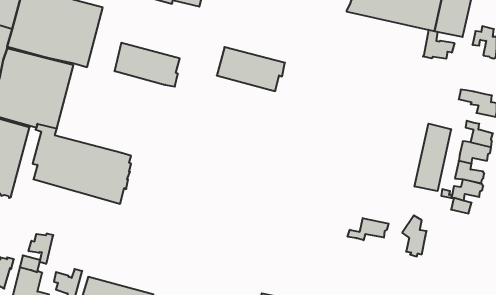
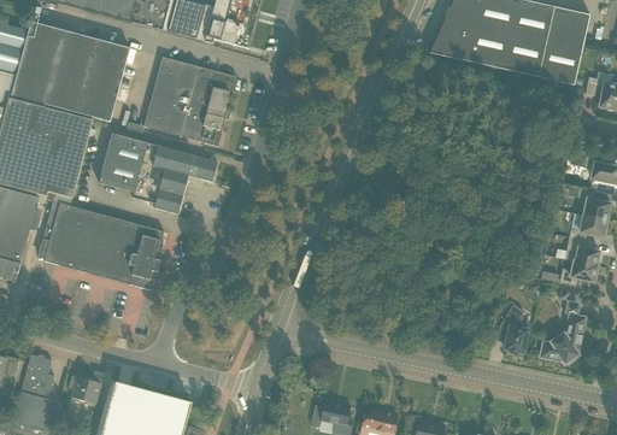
building: [423,30,454,59] -> none
building: [217,47,285,91] -> [151,57,235,111]
building: none -> [98,134,216,213]
building: [415,124,451,191] -> none
building: [348,218,389,240] -> none
building: none -> [539,313,584,364]
building: [29,233,53,264] -> none

